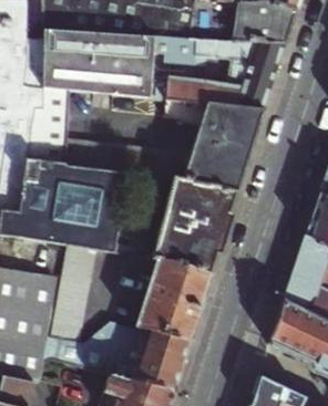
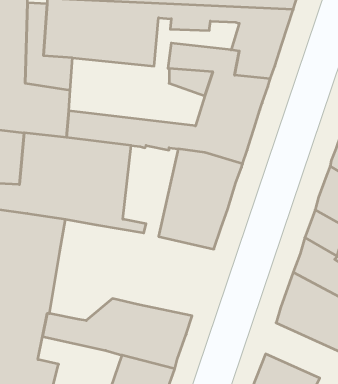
building: [50,244,95,341] -> none
building: [135,261,208,337] -> none

